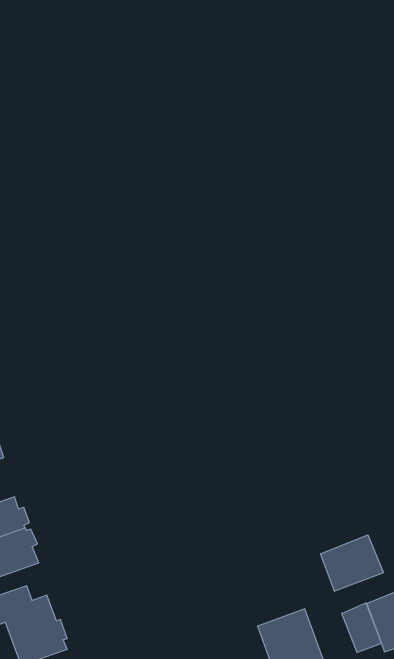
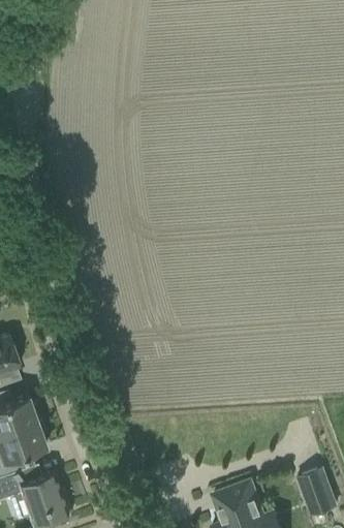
building: [321,535,384,591] -> none
building: [342,603,381,653] -> none

